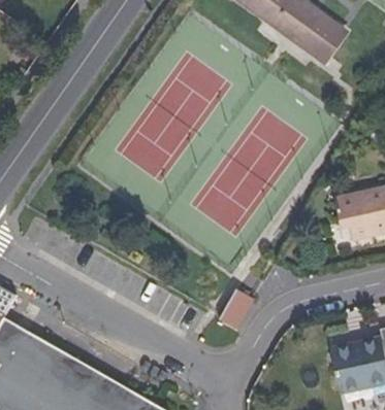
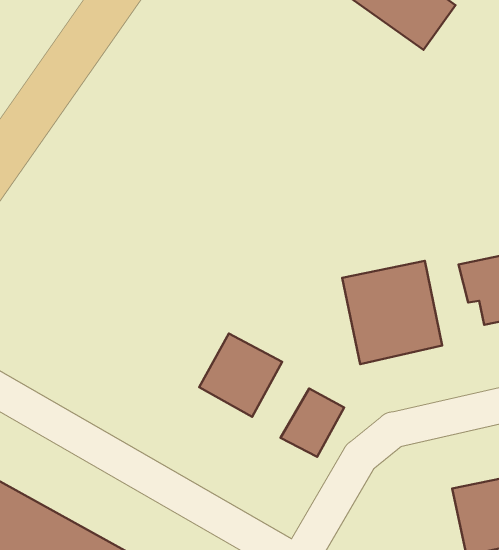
building: none -> [342,261,442,364]
building: none -> [199,334,282,417]

